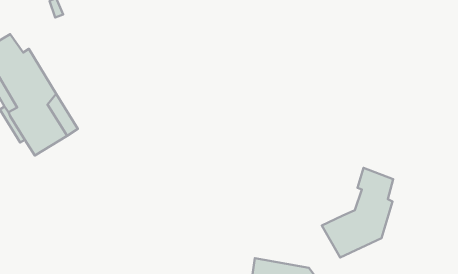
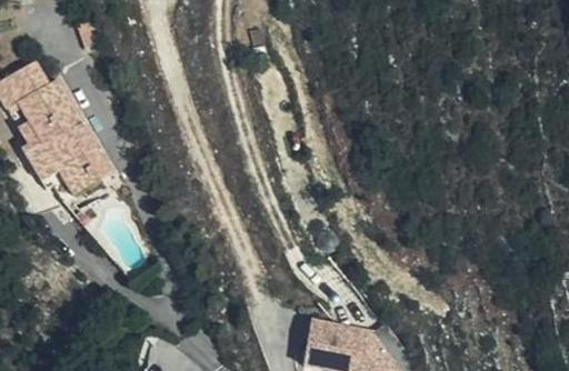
building: [322,168,393,257] -> none

